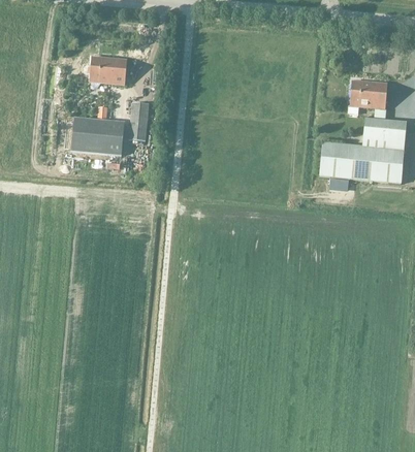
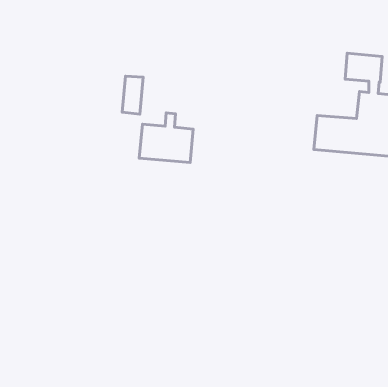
building: [90,56,128,84] -> none
building: [71,105,125,155] -> [139,113,193,162]

